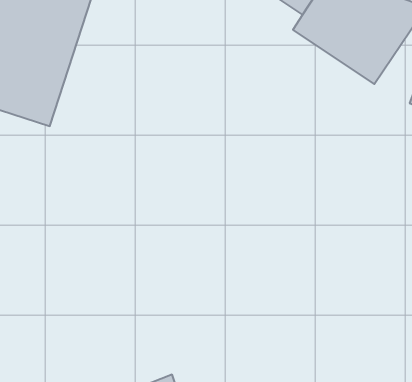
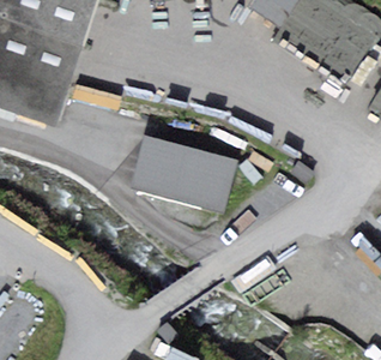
building: none -> [129,133,236,210]

